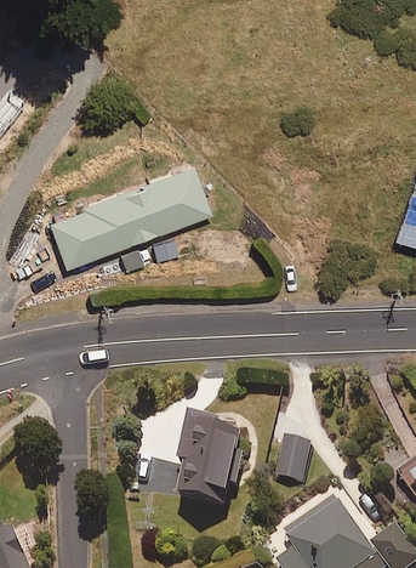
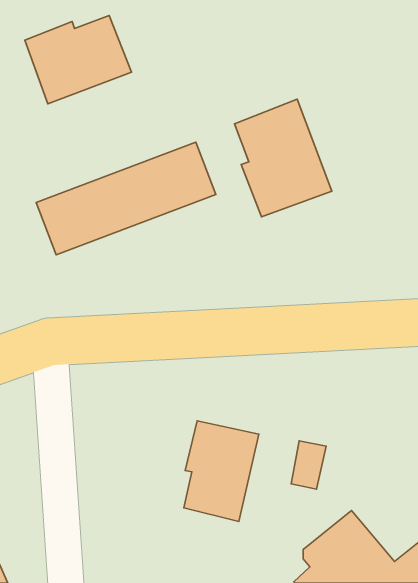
building: none -> [25,16,131,104]
building: none -> [235,99,332,217]

